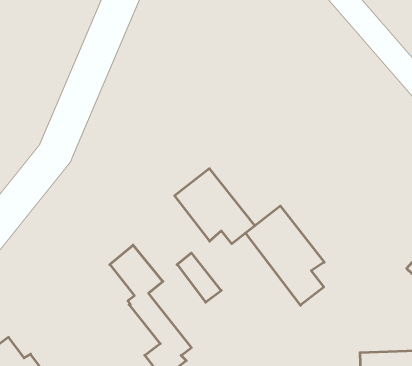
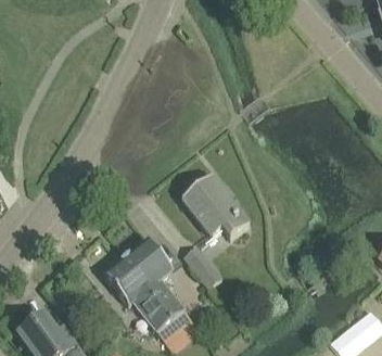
building: [245,206,324,305] -> none
building: none -> [102,254,169,330]

